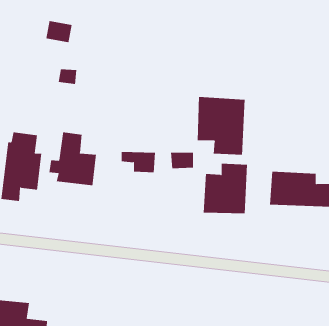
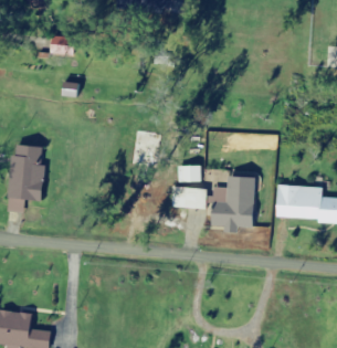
building: [197,96,245,155] -> none
building: [49,131,96,186] -> none
building: [121,152,156,173] -> [166,187,200,208]

